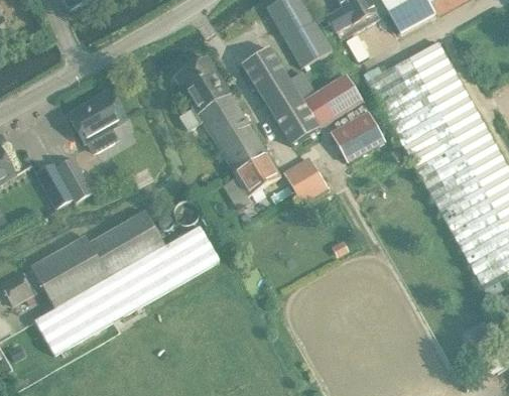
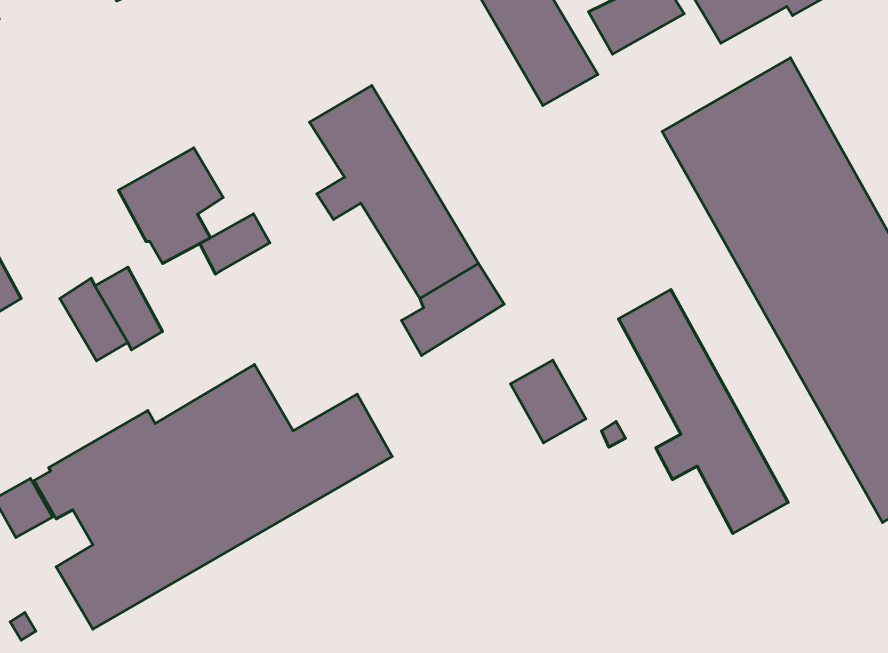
building: [242,47,364,146] -> none
building: [331,111,386,163] -> none
building: none -> [200,214,270,274]
building: [284,157,326,203] -> [511,360,586,443]
building: none -> [618,290,788,534]

